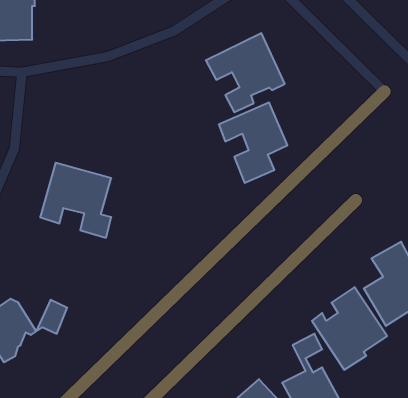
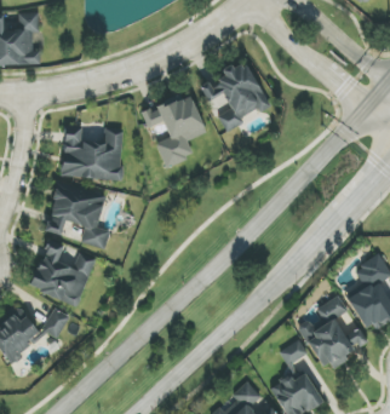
building: [219,103,287,183] -> [142,92,206,167]
building: none -> [62,123,124,179]
building: none -> [29,240,96,306]

